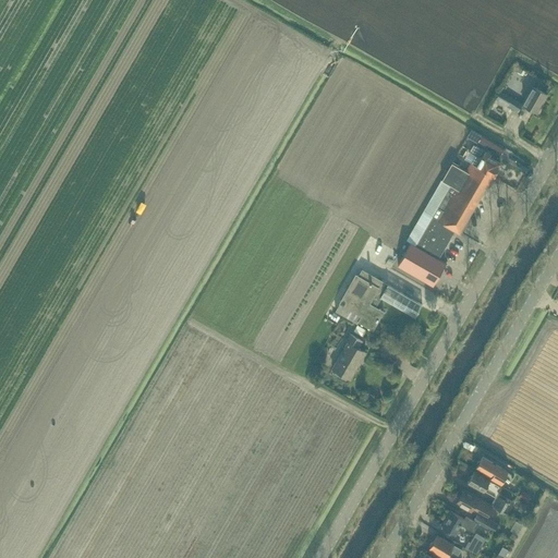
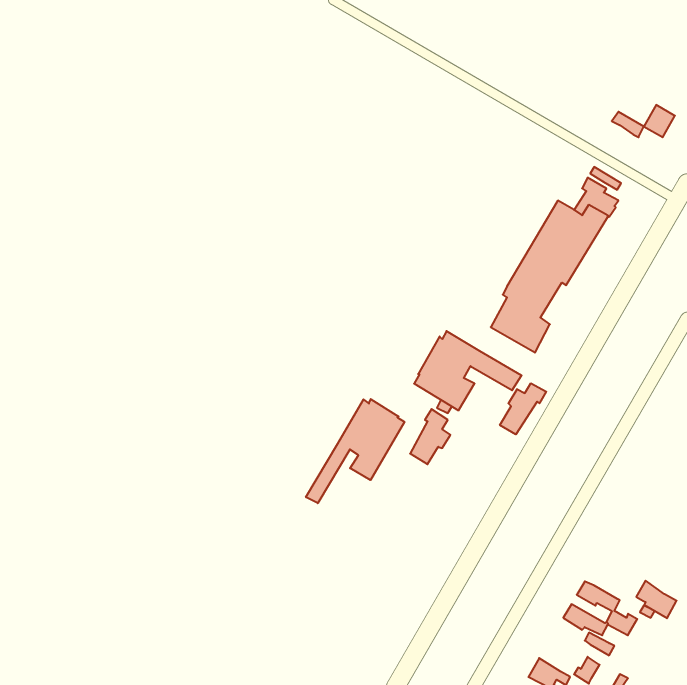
building: none -> [500,383,546,434]
building: none -> [306,399,404,503]
building: [475,457,508,487] -> [636,581,677,618]
building: [442,512,478,536] -> none

